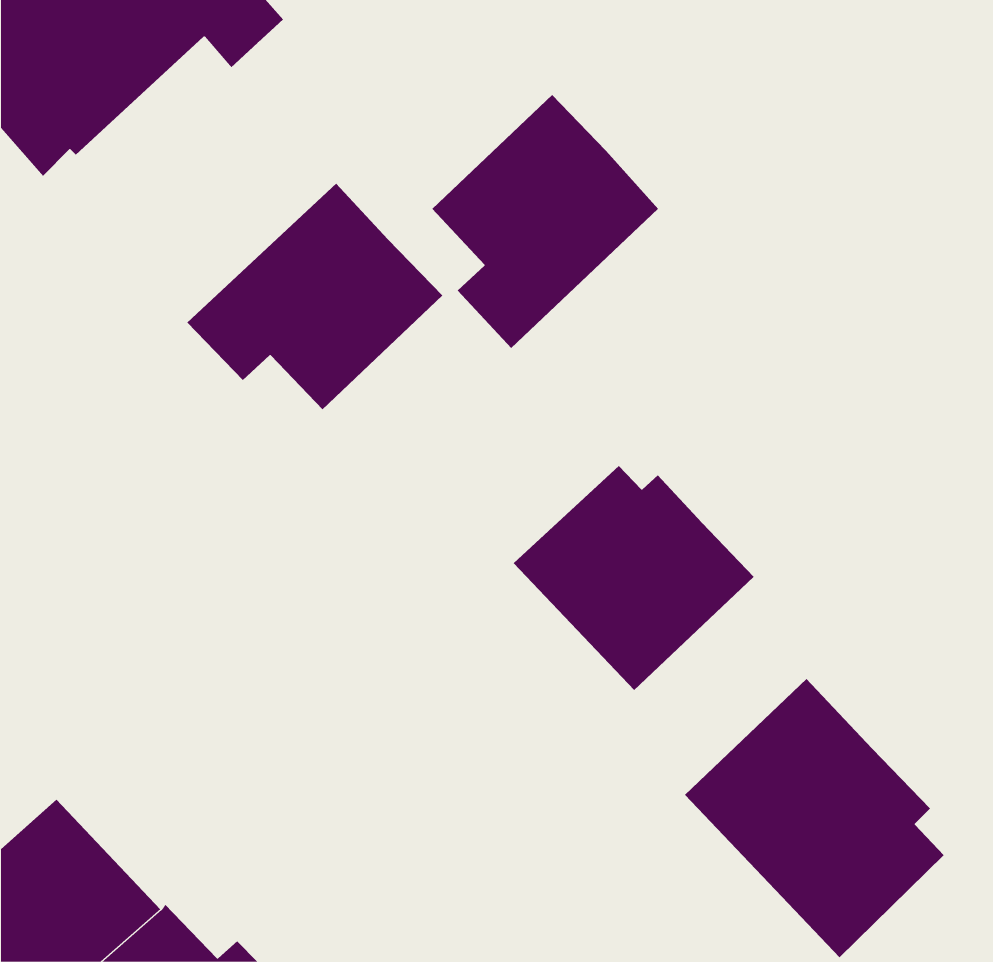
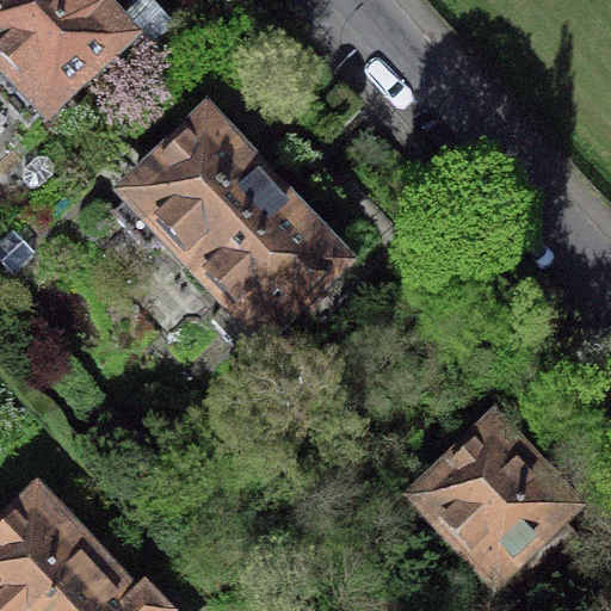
building: [432,94,659,349] -> [198,181,338,338]
building: [513,465,754,691] -> none

